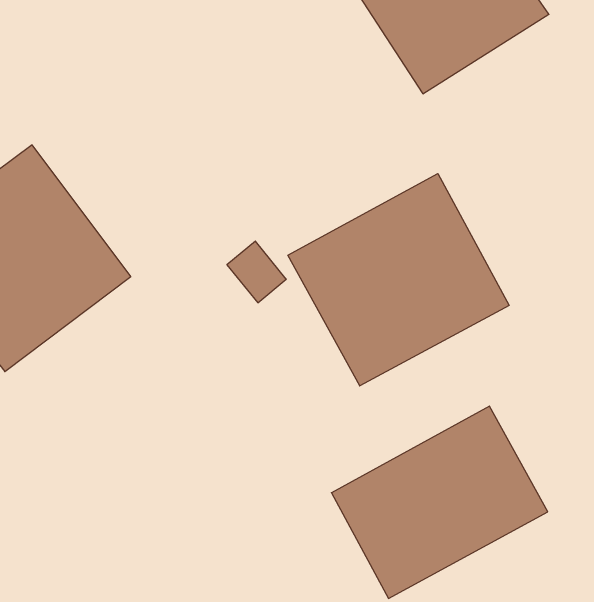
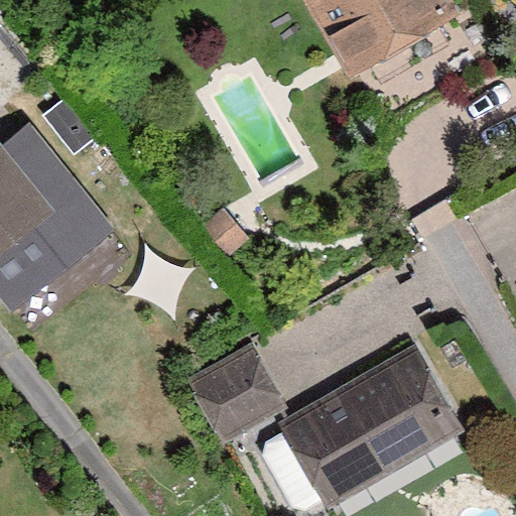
building: [288,174,509,386] -> none
building: none -> [187,341,286,441]

